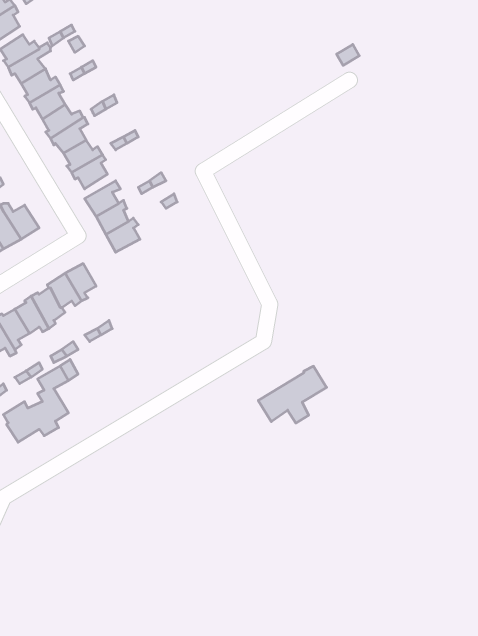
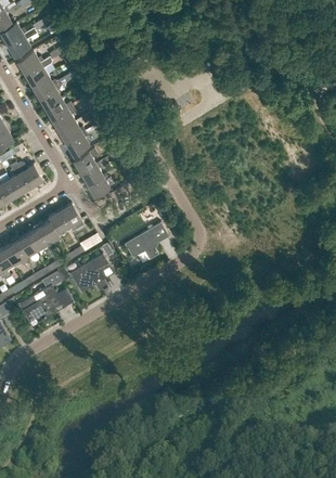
building: none -> [69,254,107,292]
building: [258,366,327,423] -> [122,221,168,259]

